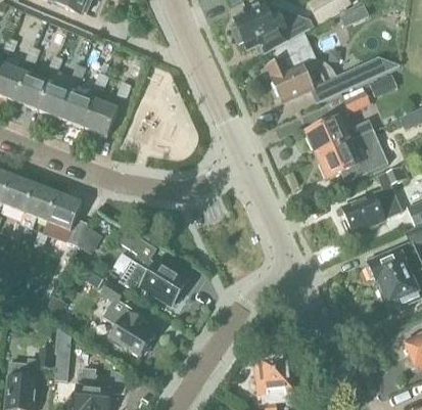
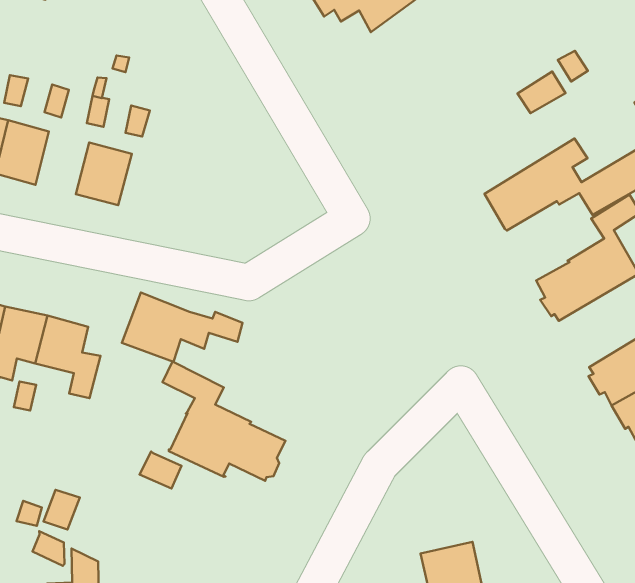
building: [267,52,398,102] -> none
building: [60,89,94,127] -> none
building: [307,113,372,154] -> none
building: none -> [122,293,242,362]
building: [104,306,152,355] -> none

